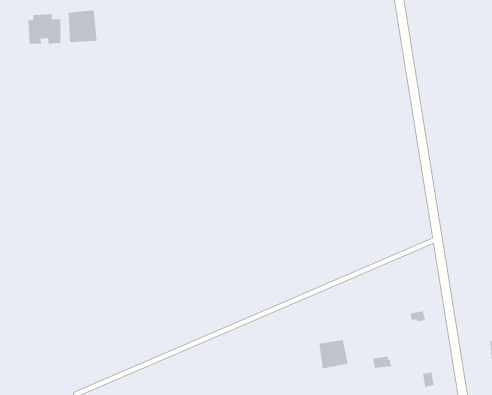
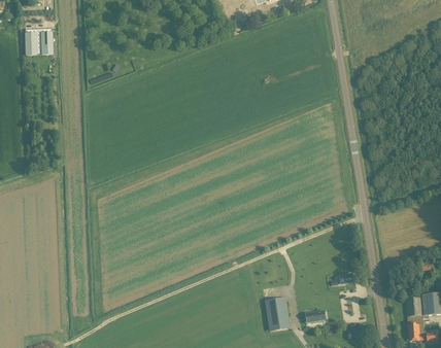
building: [68,10,97,43] -> none

